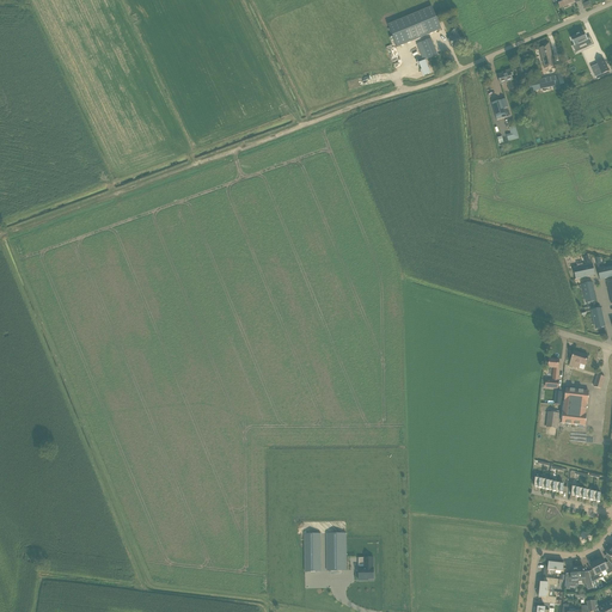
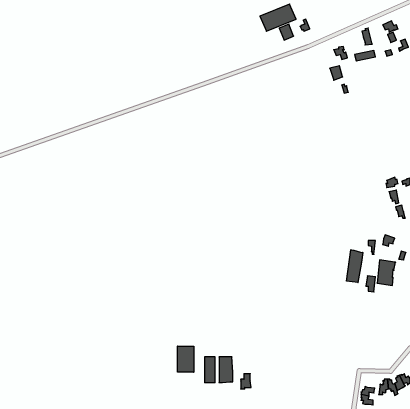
building: none -> [347,250,363,283]
building: none -> [178,346,194,372]

